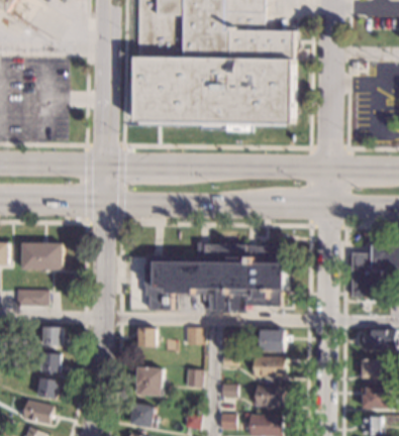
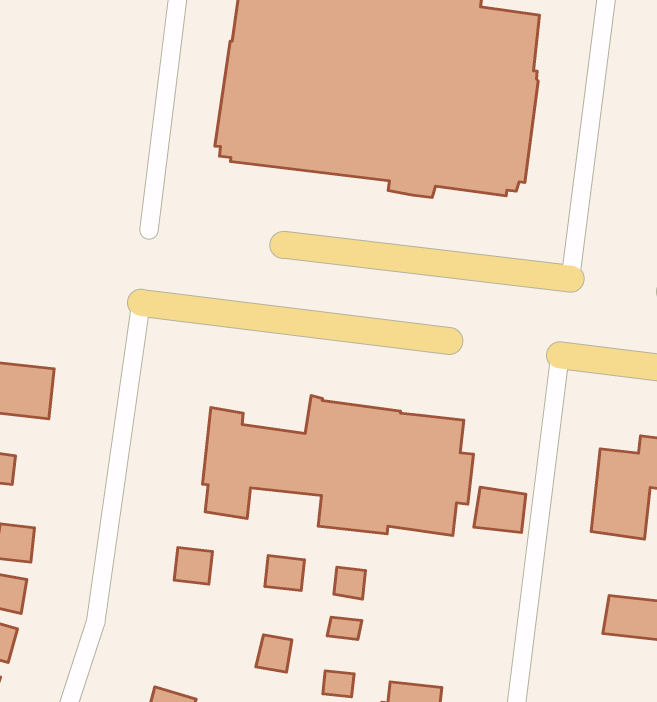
building: [260,329,285,350] -> [474,487,526,532]
building: [254,355,285,376] -> none
building: [362,359,388,377] -> none
building: [135,366,162,395] -> none

